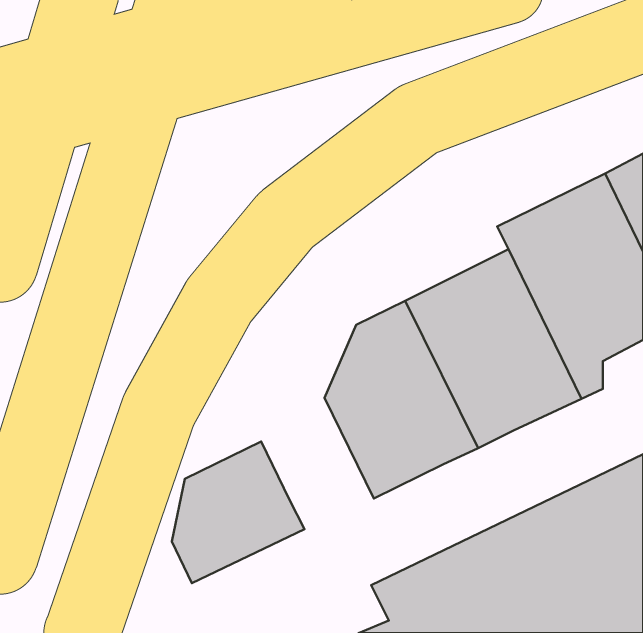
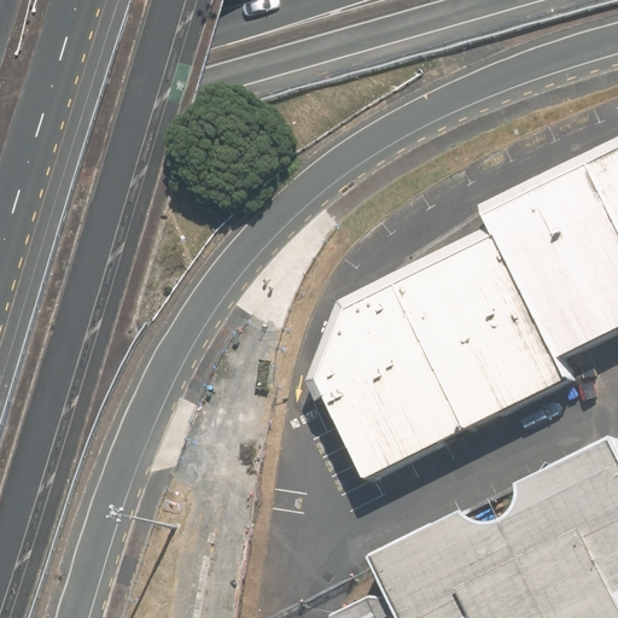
building: [172,441,304,583] -> none

